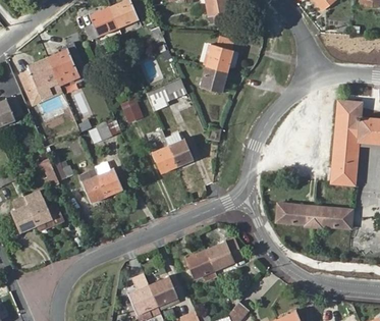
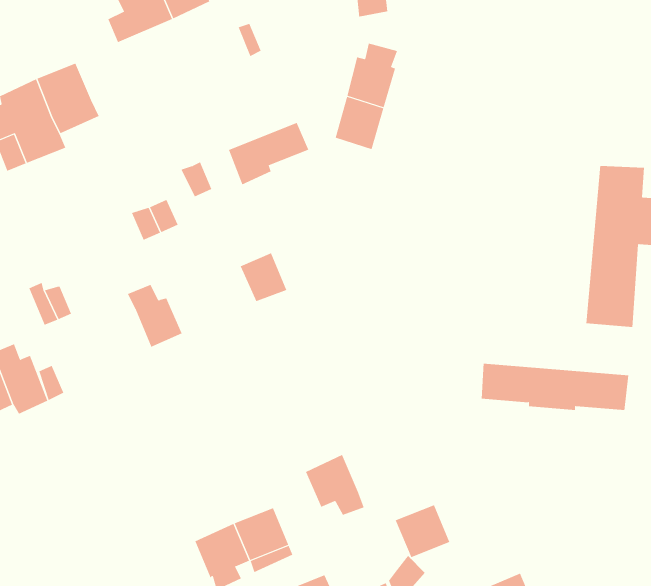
building: [165,132,193,165] -> none
building: [82,175,106,202] -> none
building: [205,242,233,269] -> [395,504,450,558]

